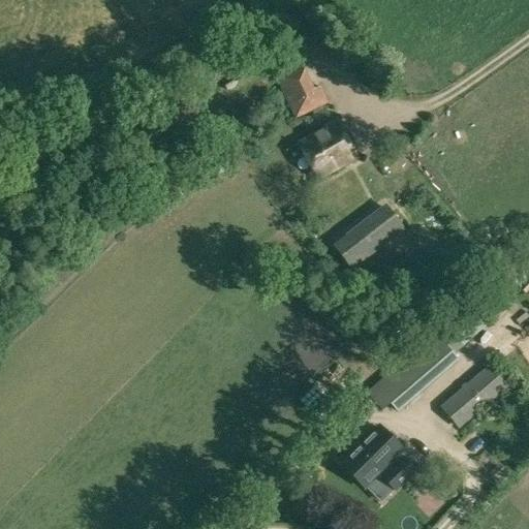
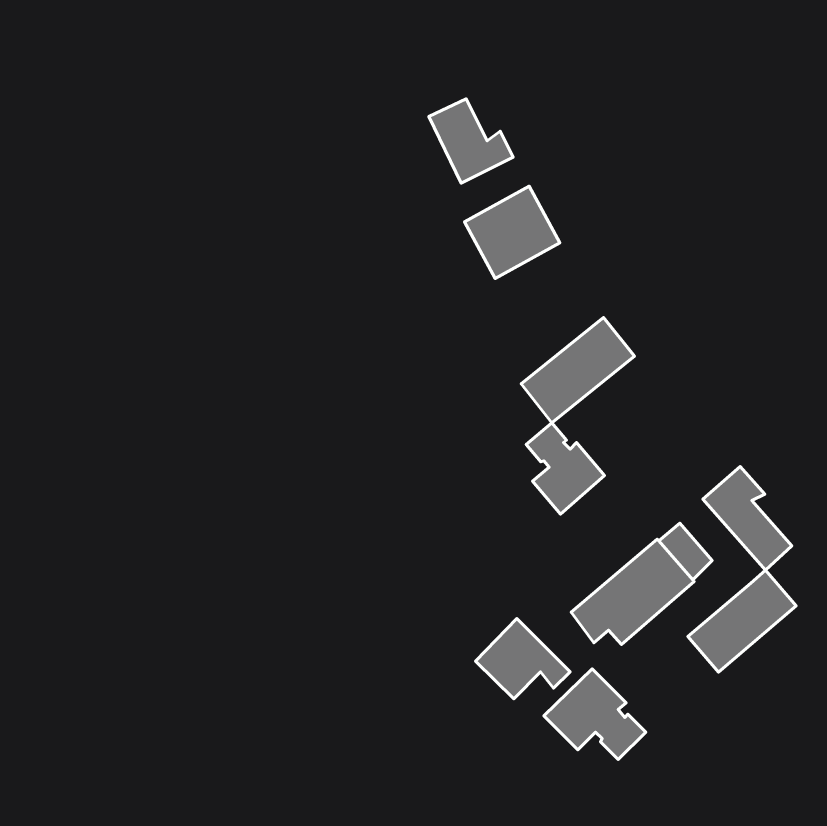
building: none -> [526,423,605,514]
building: none -> [703,466,792,570]
building: none -> [475,618,570,699]

